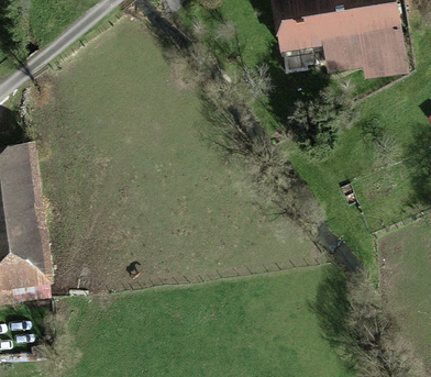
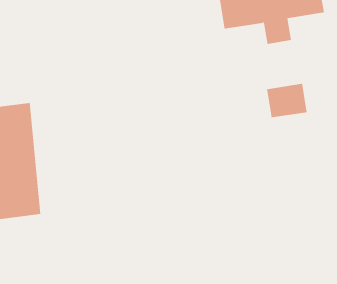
building: [355,33,406,76] -> [266,83,307,118]

